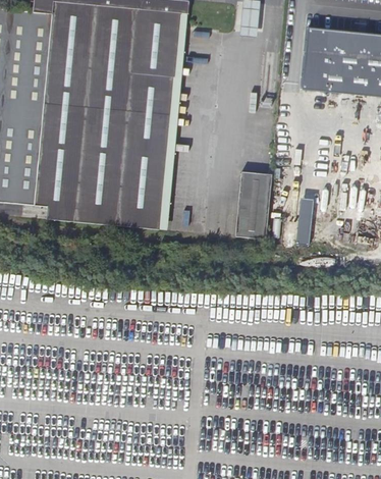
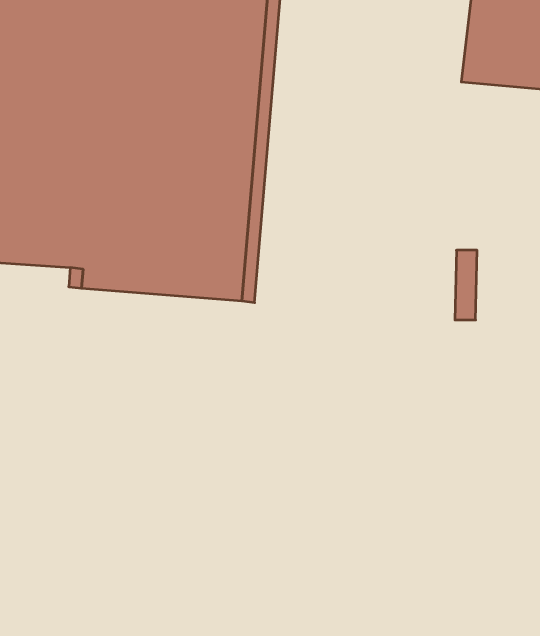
building: [236,172,272,240] -> none

